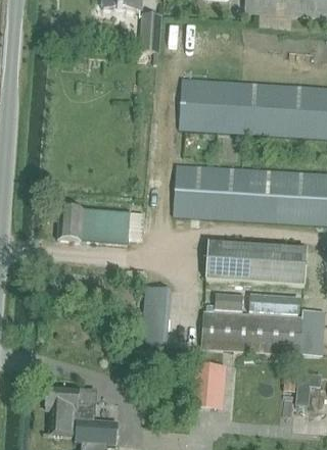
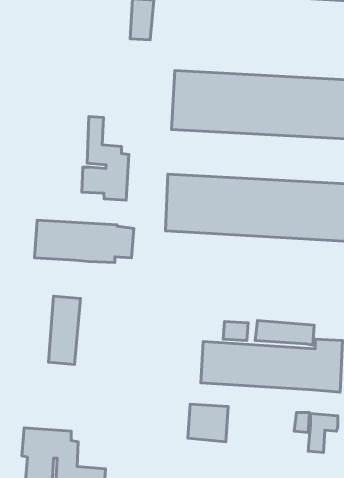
building: none -> [82,117,129,200]
building: [205,250,306,294] -> none
building: [142,287,170,346] -> [49,296,80,365]

